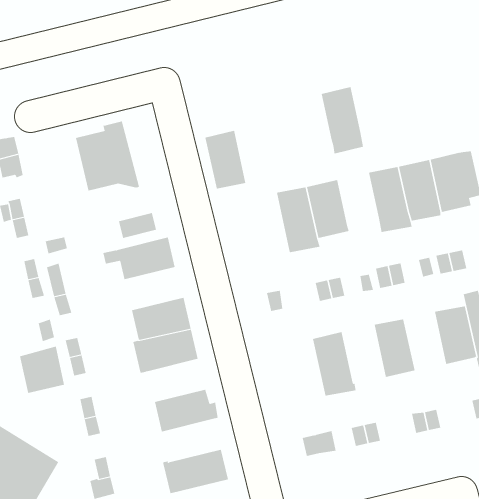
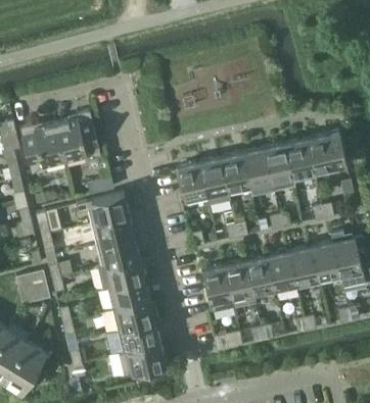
building: [321,87,364,154] -> [243,146,274,194]
building: [205,130,246,189] -> [178,160,207,202]
building: none -> [19,121,65,173]
building: none -> [91,213,134,244]
building: none -> [290,245,320,287]
building: none -> [246,254,277,296]
building: none -> [203,264,234,310]
building: none -> [107,279,149,309]
building: none -> [118,321,160,352]

